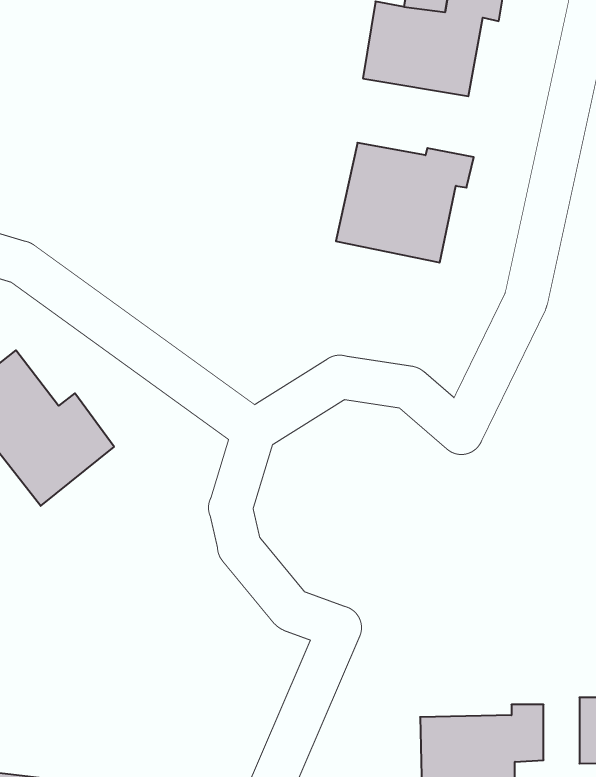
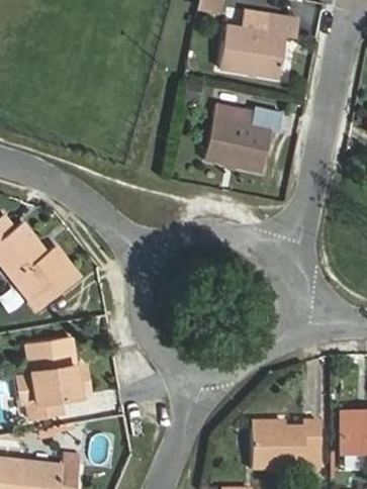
building: none -> [26,336,79,419]

